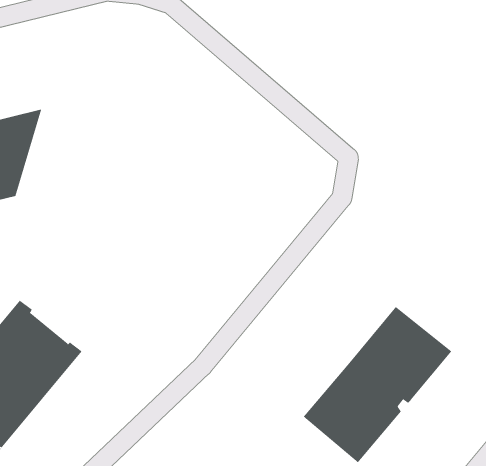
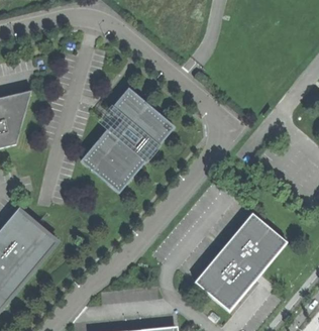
building: none -> [81,88,174,192]

